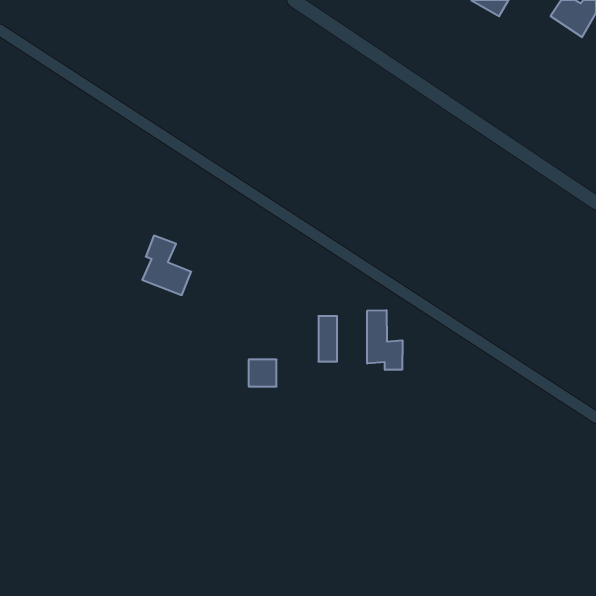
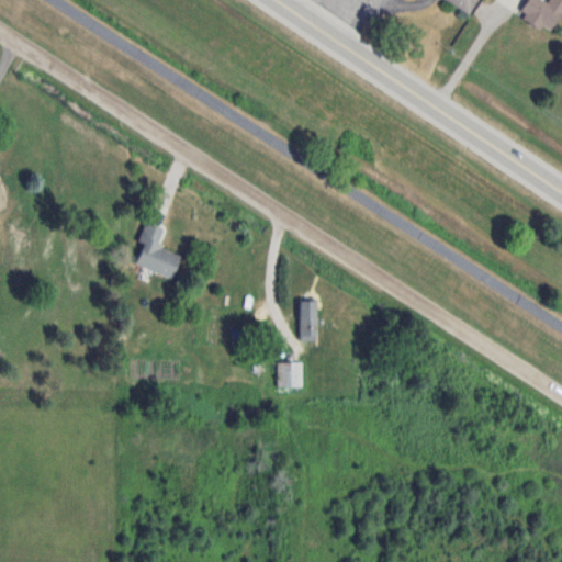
building: [367,310,402,370] -> none
building: [249,360,277,386] -> [276,361,302,386]

